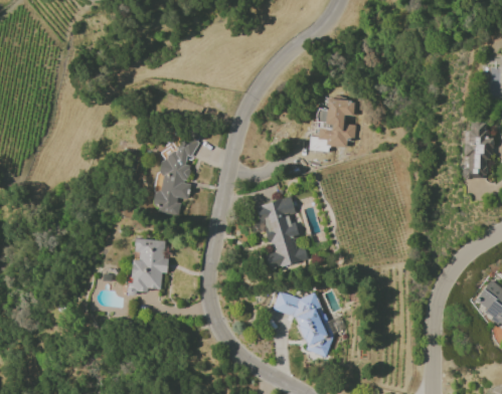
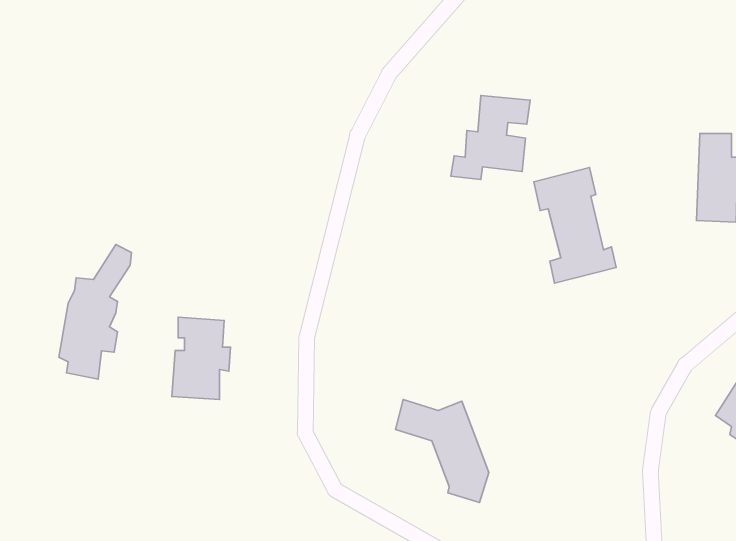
building: [154,131,200,216] -> [59,245,132,379]
building: [257,197,309,270] -> [534,168,616,283]

